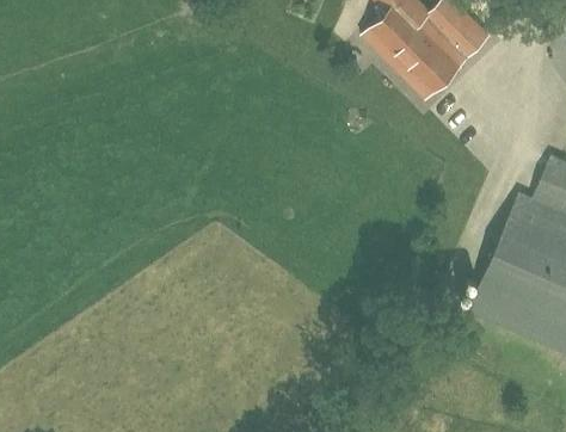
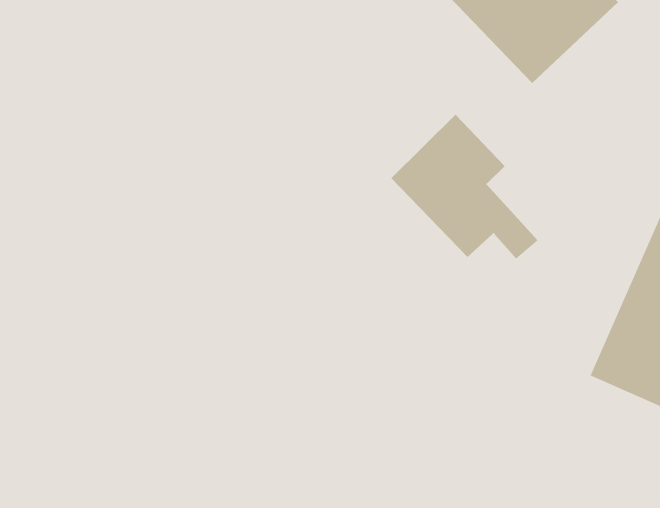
building: none -> [390,114,539,260]

